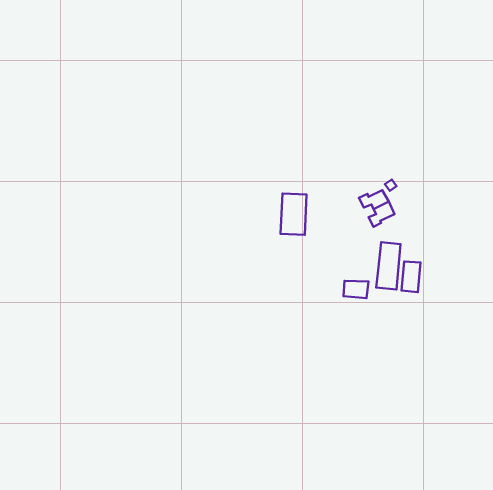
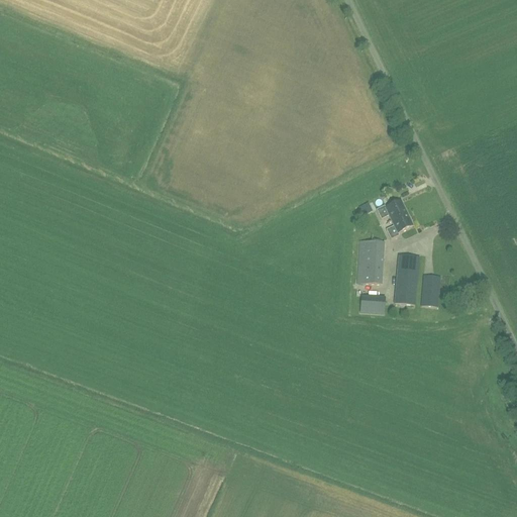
building: [281,193,307,235] -> [356,239,384,283]

